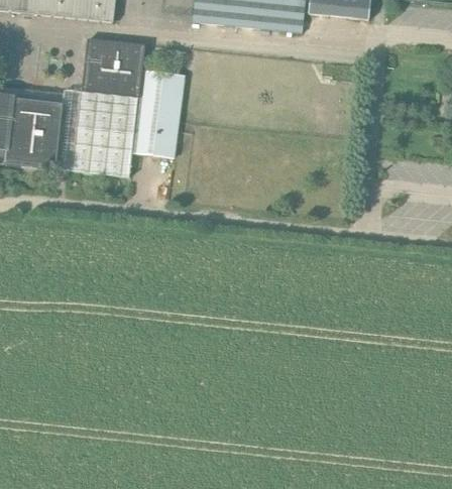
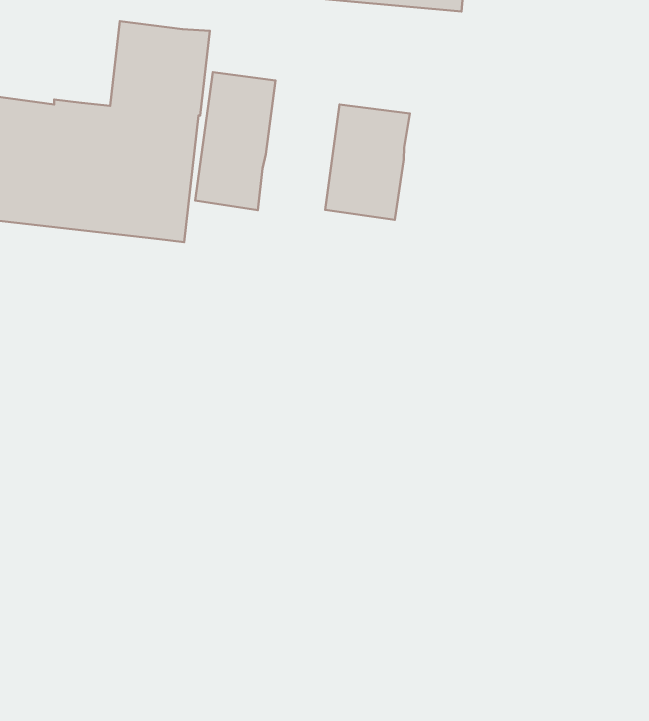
building: none -> [325,105,410,220]

